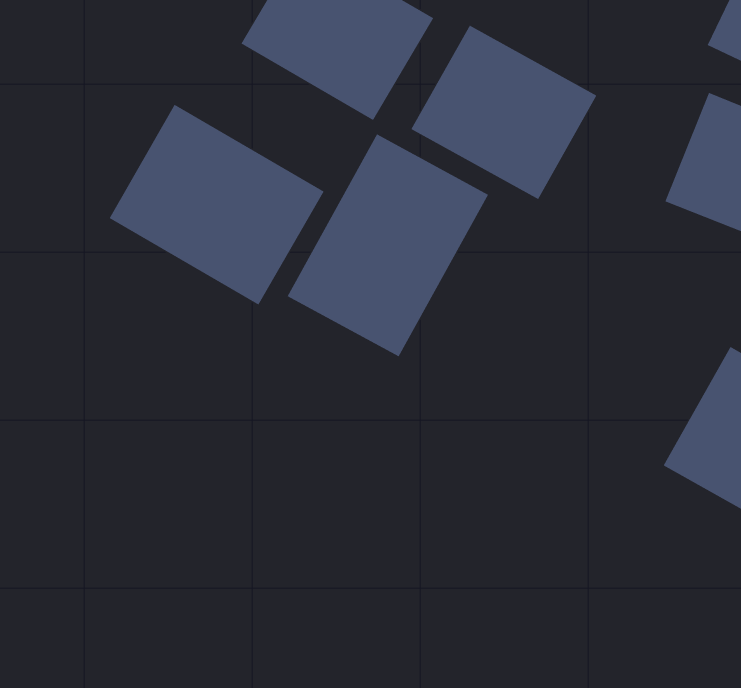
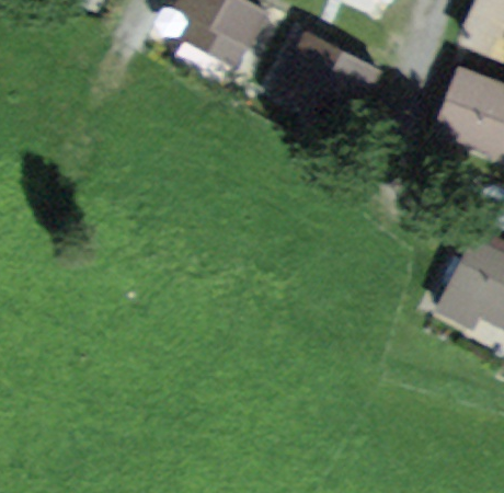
building: [109,104,324,306] -> none
building: [287,134,489,357] -> none

